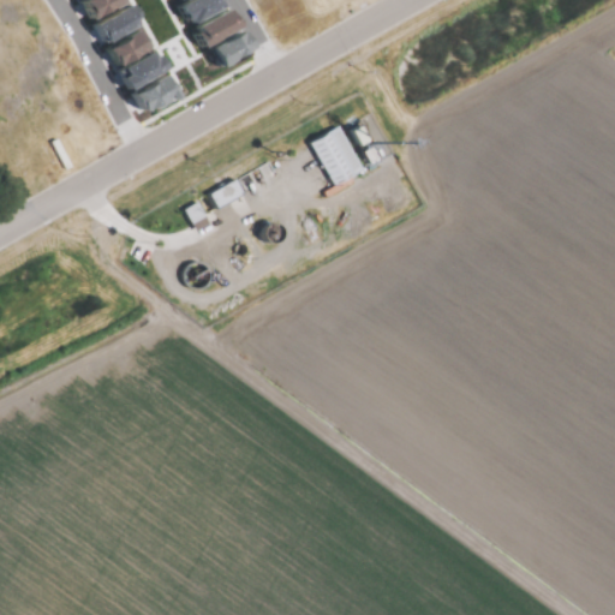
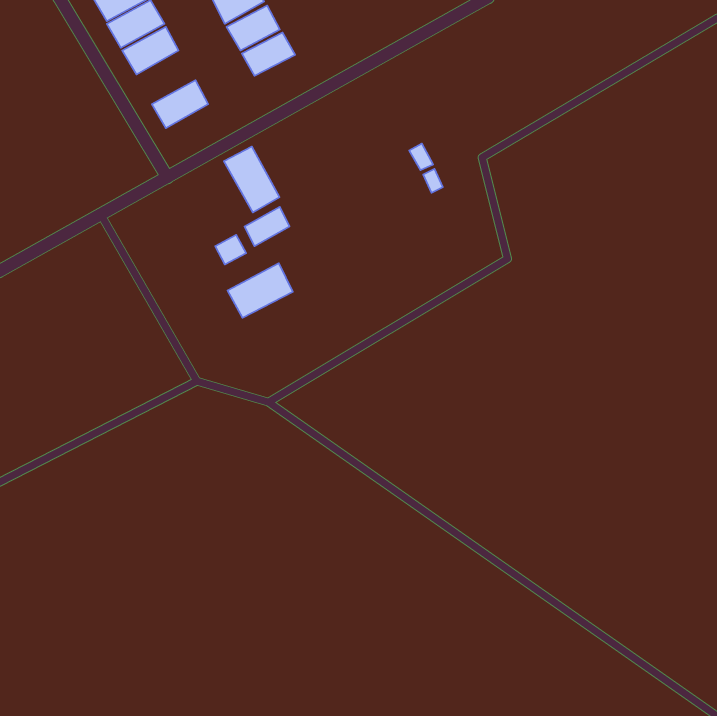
building: [118,46,166,88] -> none
building: [310,125,366,189] -> none
building: none -> [224,147,279,213]
building: none -> [227,263,293,318]

